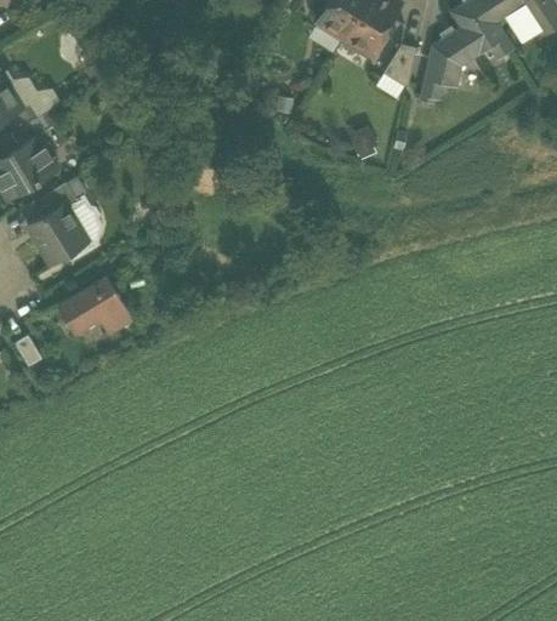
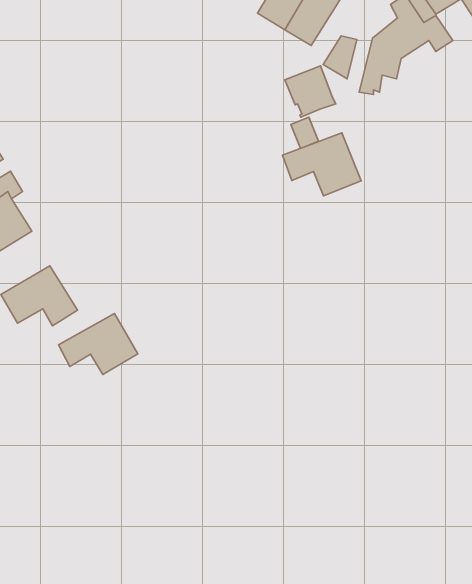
building: none -> [285,66,336,117]
building: none -> [283,133,361,196]
building: none -> [58,314,138,375]

